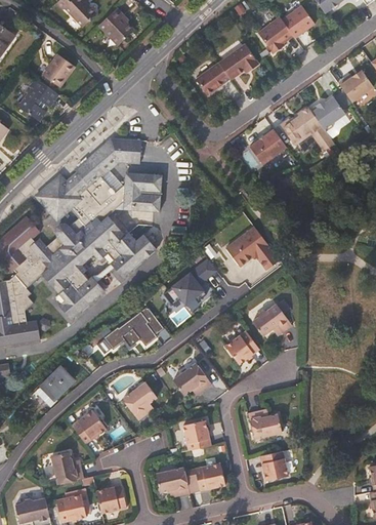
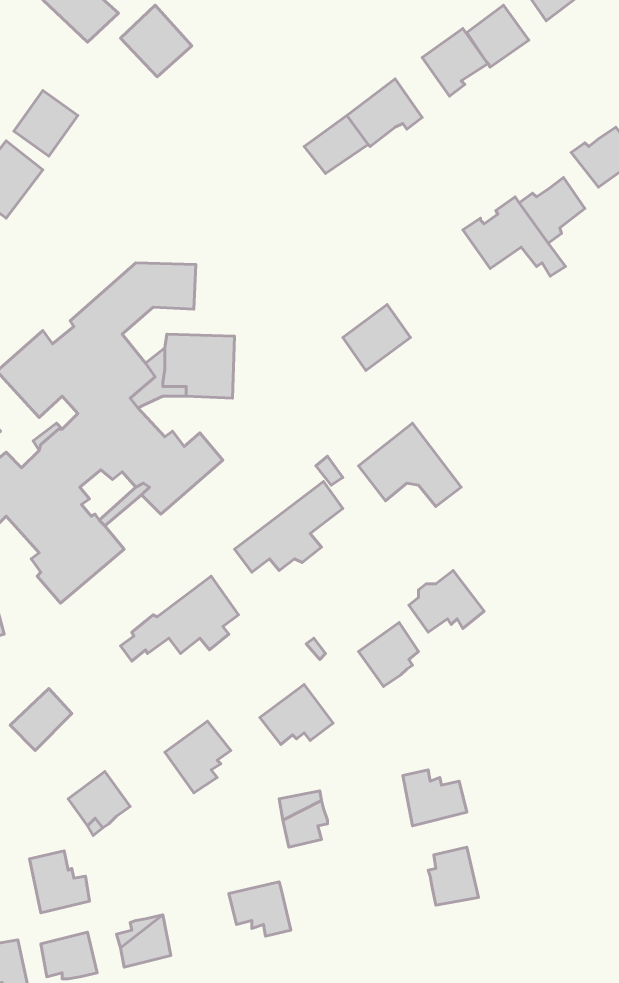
building: [250,129,286,164] -> [343,305,410,370]
building: [183,465,224,495] -> none

